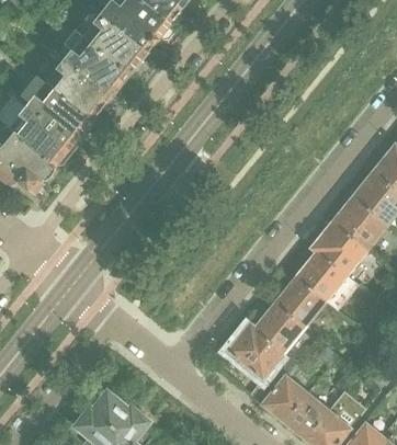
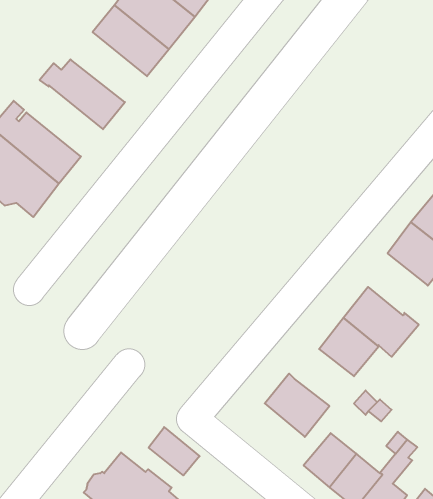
building: [63,28,128,94] -> none
building: [26,80,91,140] -> none
building: [311,222,366,275] -> none
building: [253,304,304,352] -> none
building: none -> [149,427,200,475]

